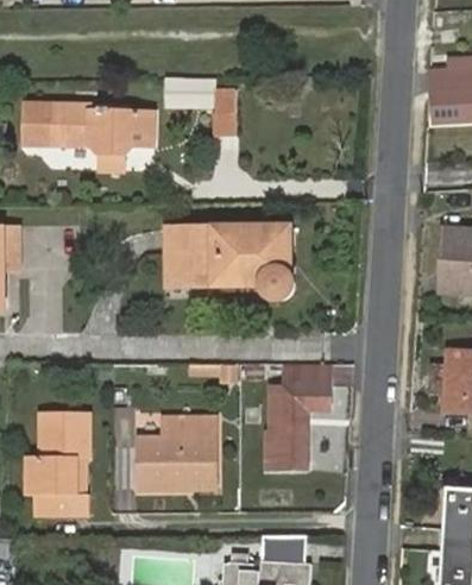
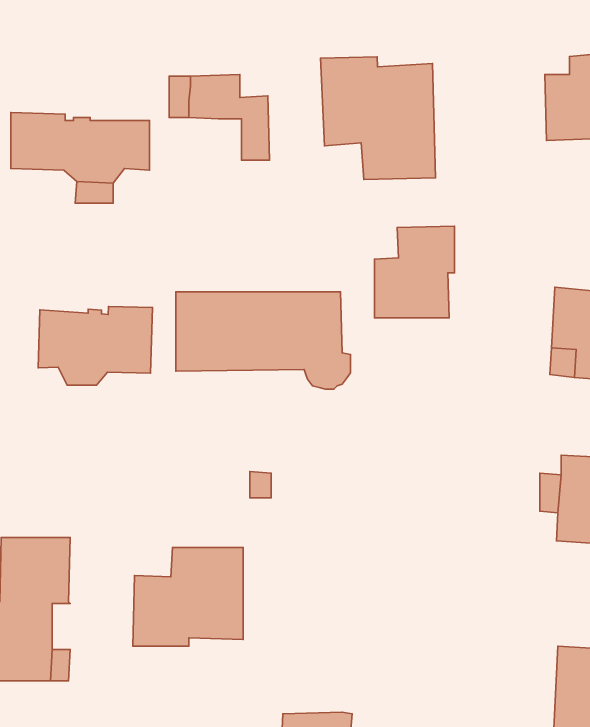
building: none -> [321,57,436,180]
building: none -> [375,226,455,318]
building: none -> [38,307,153,385]
building: [265,363,329,471] -> none

